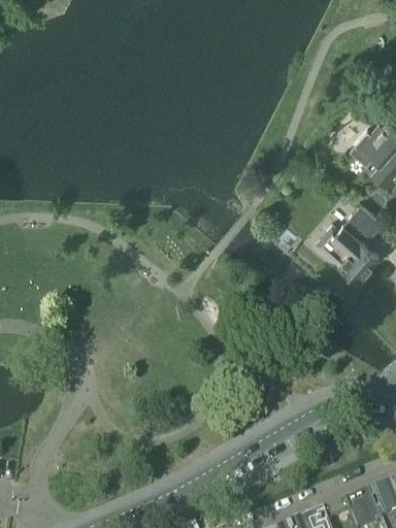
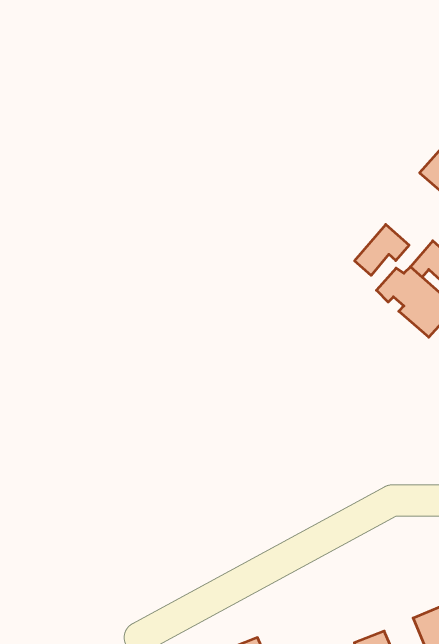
building: none -> [355,224,409,275]

